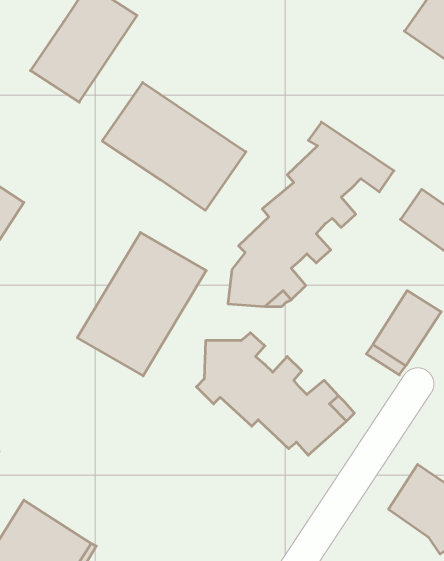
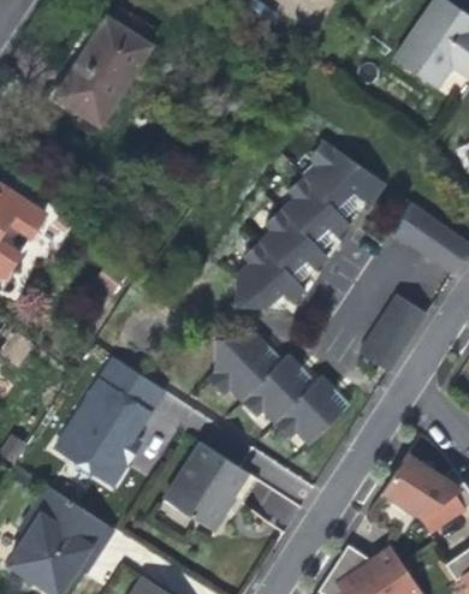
building: [102,82,246,210] -> none
building: [77,232,206,376] -> [51,356,168,487]
building: none -> [162,441,244,529]

